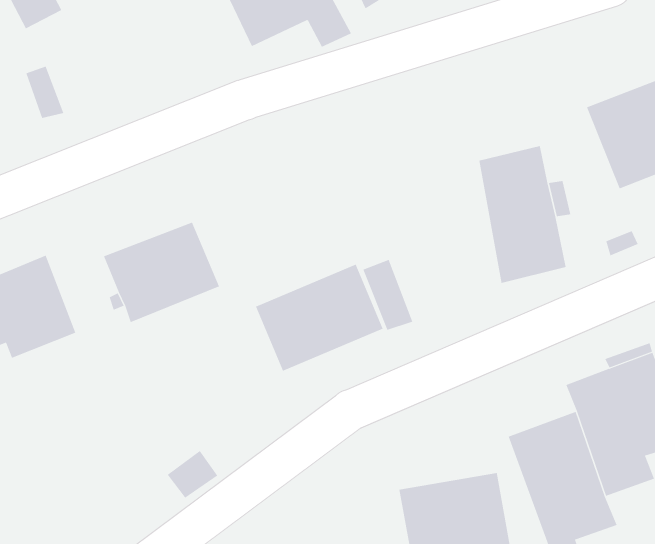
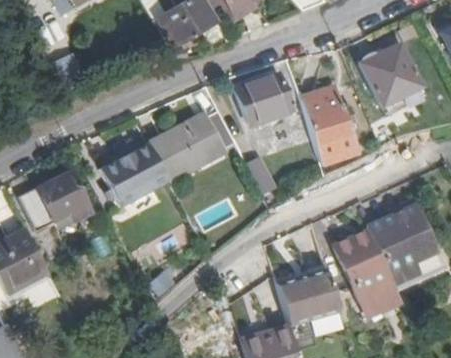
building: none -> [237,73,294,125]
building: [255,264,384,371] -> [151,117,222,179]

